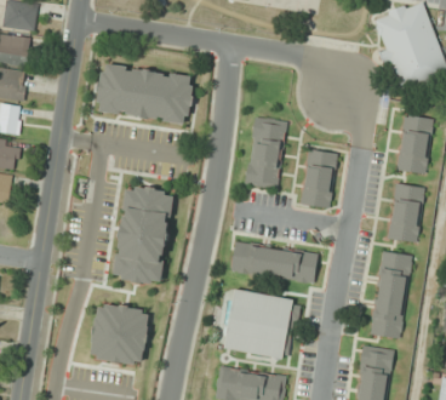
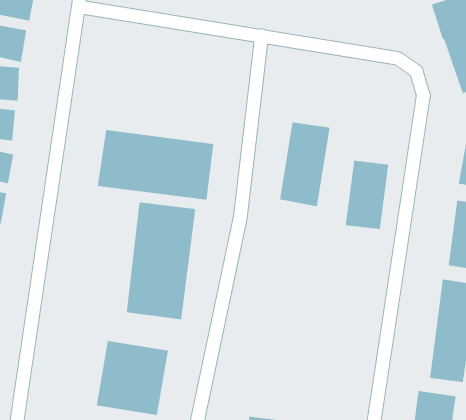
building: [95,63,194,124] -> [97,129,214,201]
building: [230,241,318,284] -> none
building: [221,288,296,359] -> none

